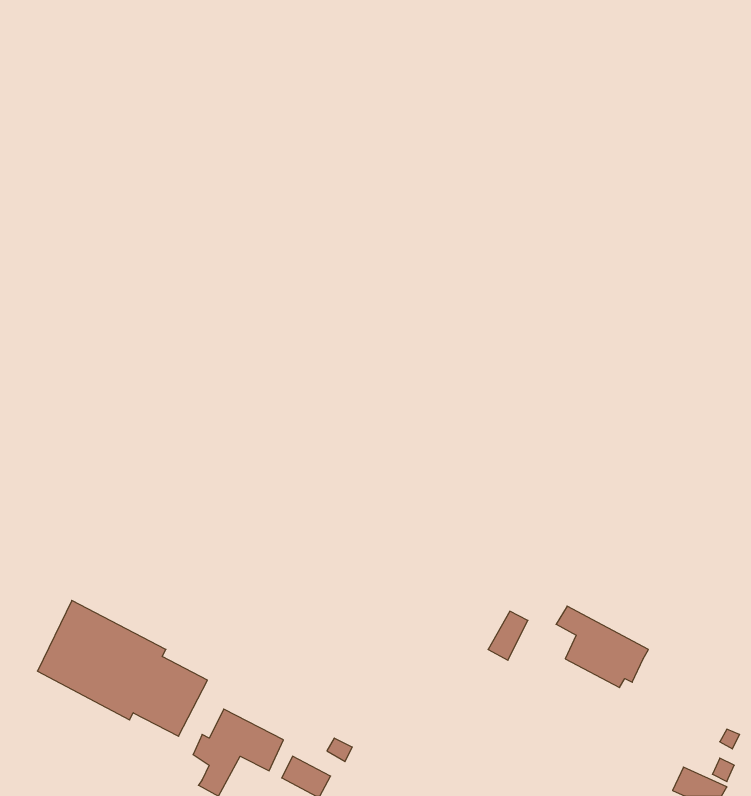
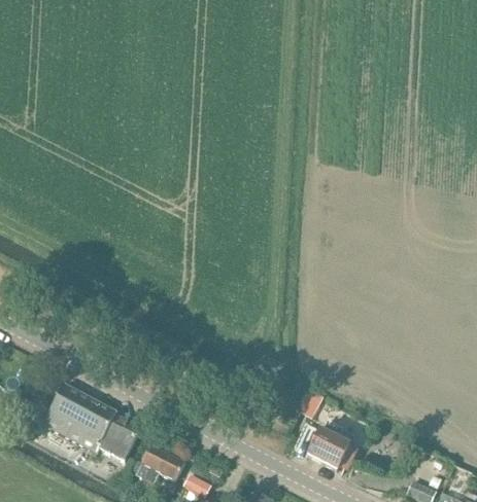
building: [556,606,648,688] -> [301,423,353,469]

